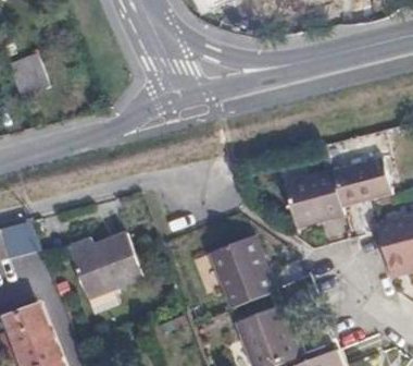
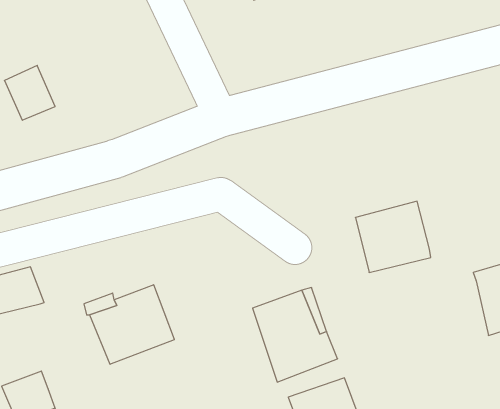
building: [336,157,396,206] -> none

